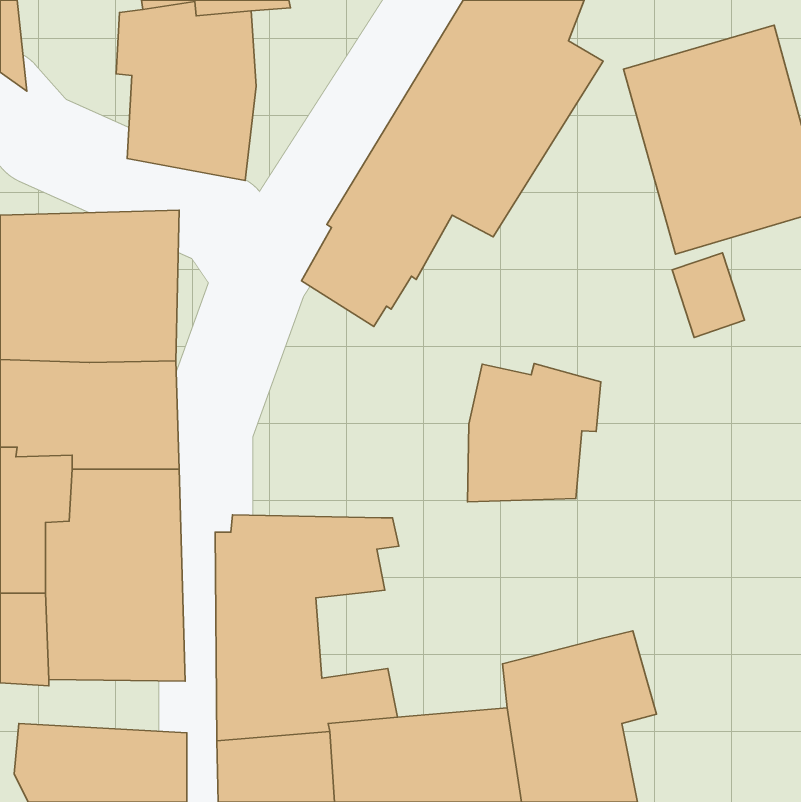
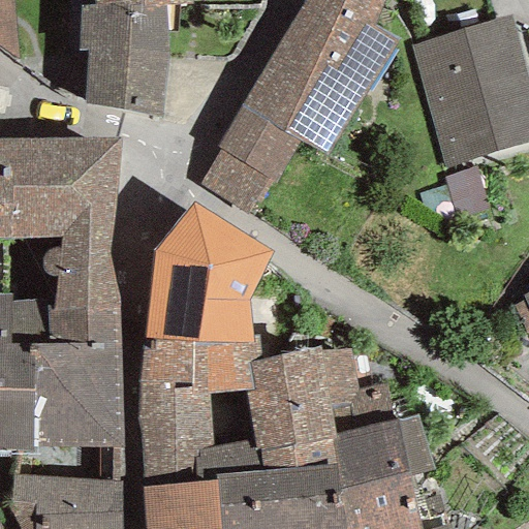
building: none -> [145,203,273,341]
building: [467,363,601,502] -> none
building: none -> [245,347,396,472]

